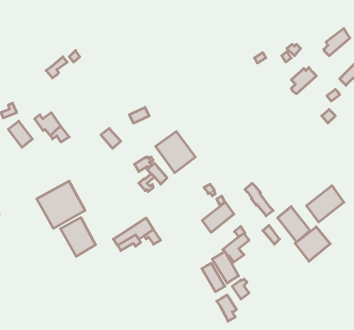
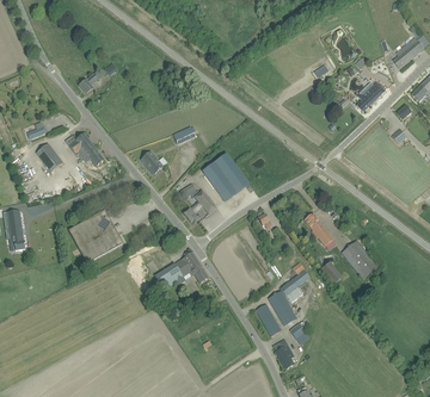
building: [307,186,344,222] -> none
building: [202,202,234,232] -> none
building: [60,218,96,256] -> none
building: [295,227,330,261] -> none

